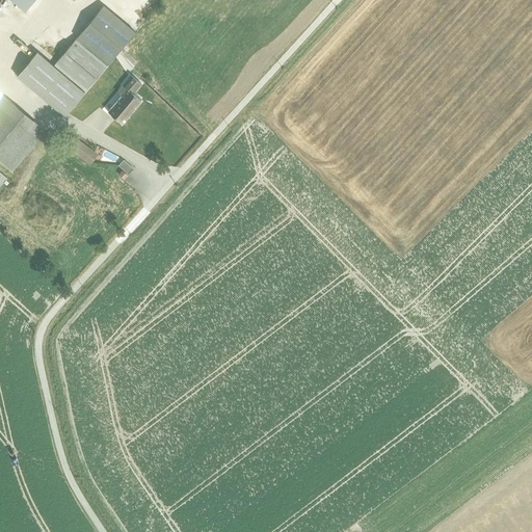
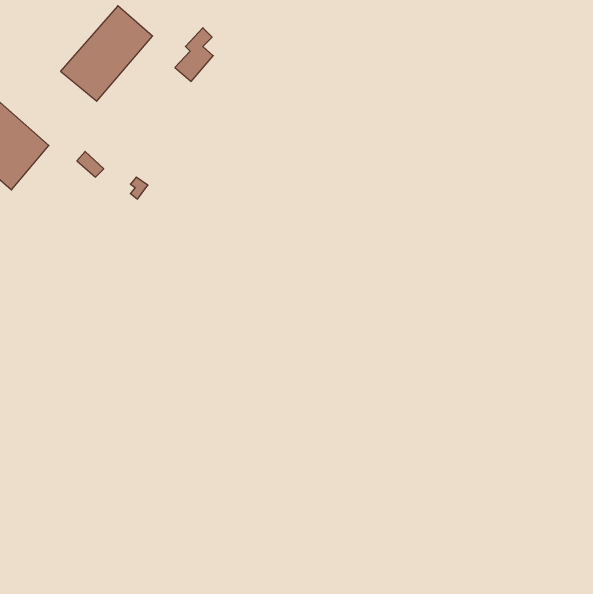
building: [18,55,83,117] -> none
building: [108,76,142,124] -> [175,28,213,81]

